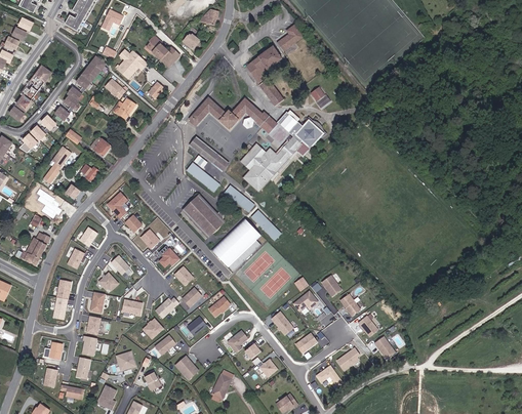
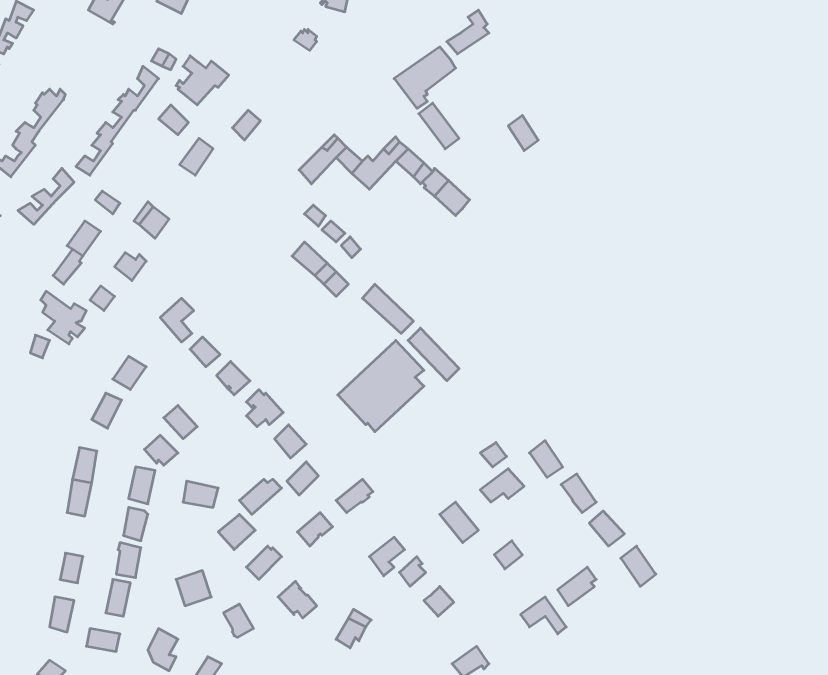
building: [148,36,180,66] -> none
building: [240,113,320,185] -> none
building: [184,196,222,234] -> none
building: [21,233,50,264] -> none

